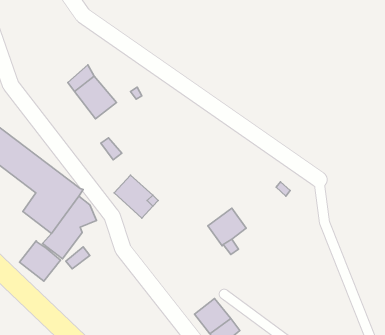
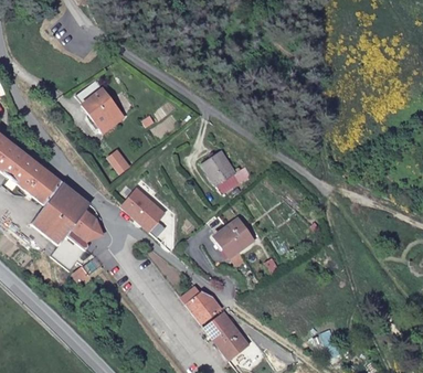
building: none -> [203,148,253,191]
building: [20,241,60,281] -> none
building: none -> [179,284,221,322]

